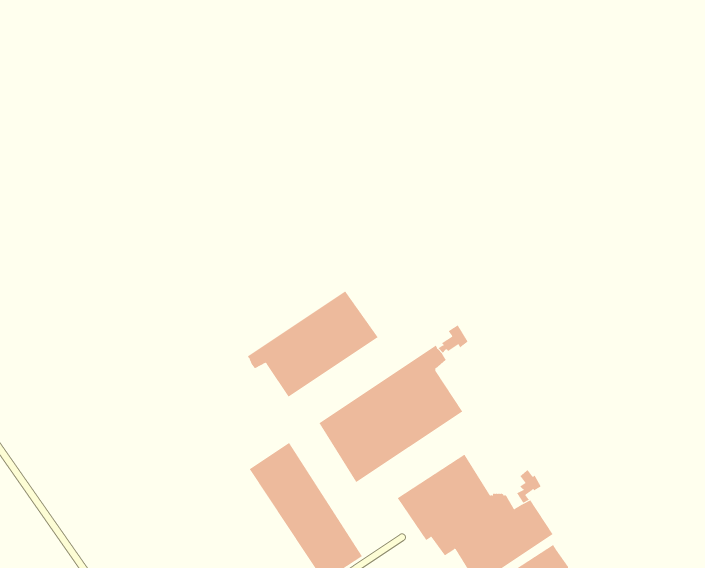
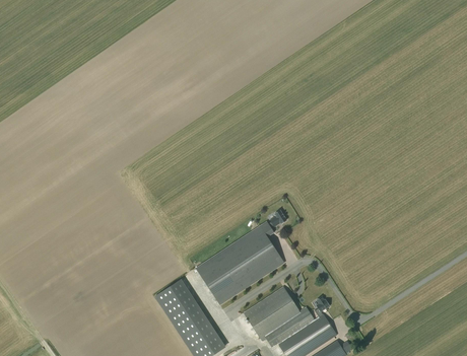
building: [247,290,379,398] -> none

